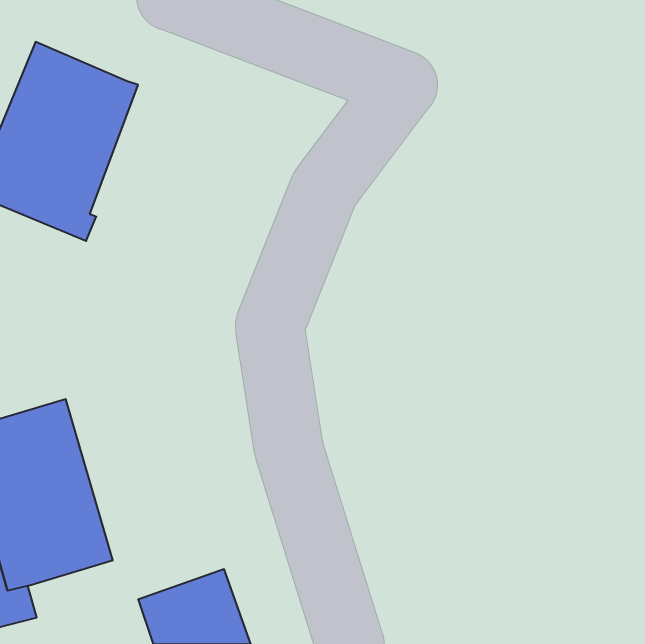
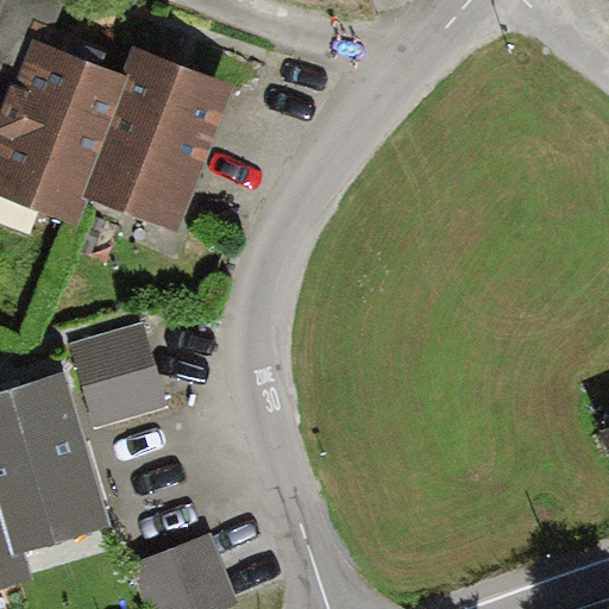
building: none -> [84,50,231,234]
building: none -> [69,321,169,426]

